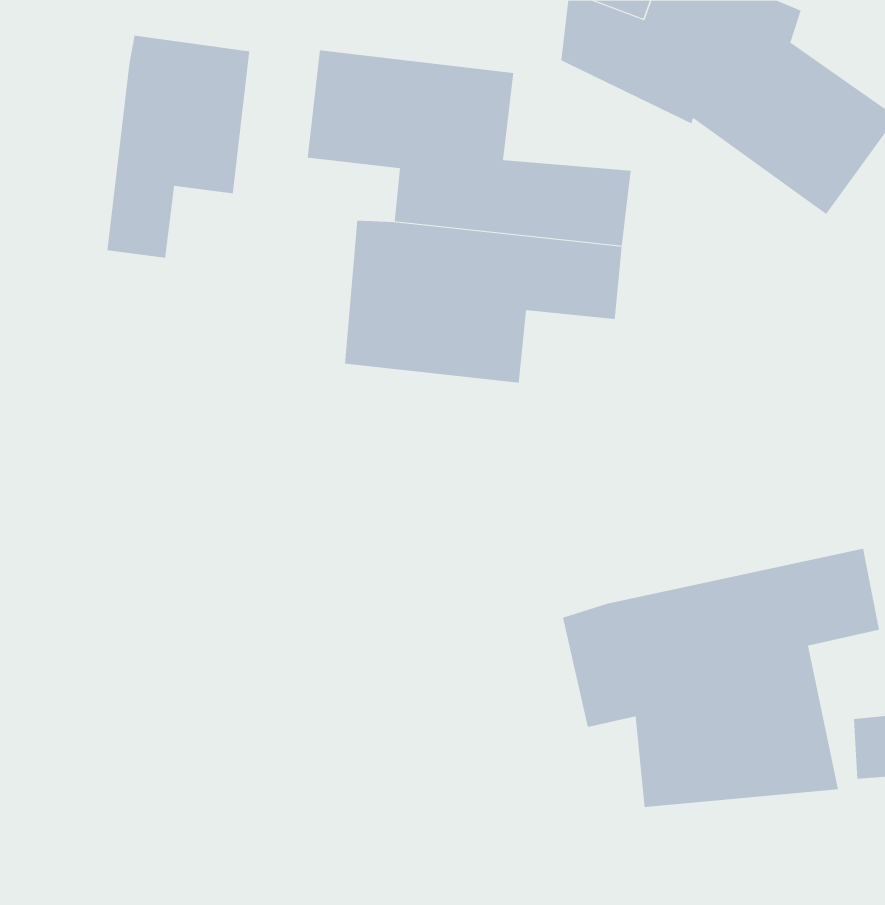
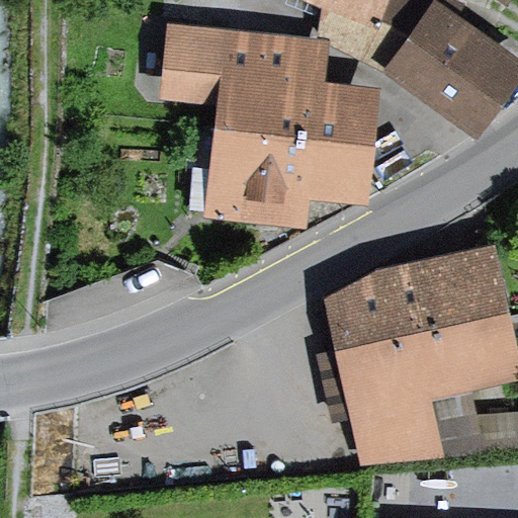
building: [107,35,250,259] -> none
building: none -> [348,263,505,345]

